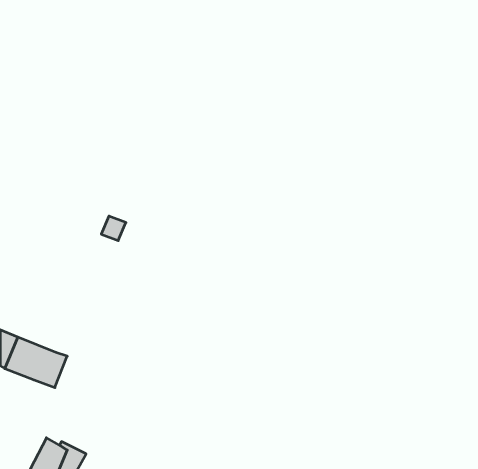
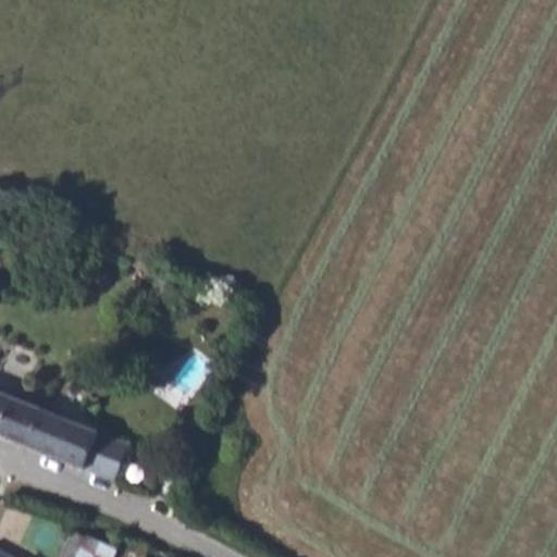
building: none -> [70,426,115,476]

